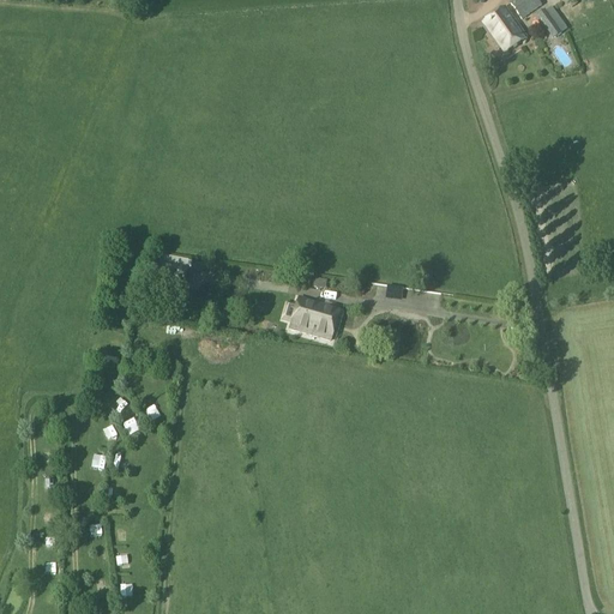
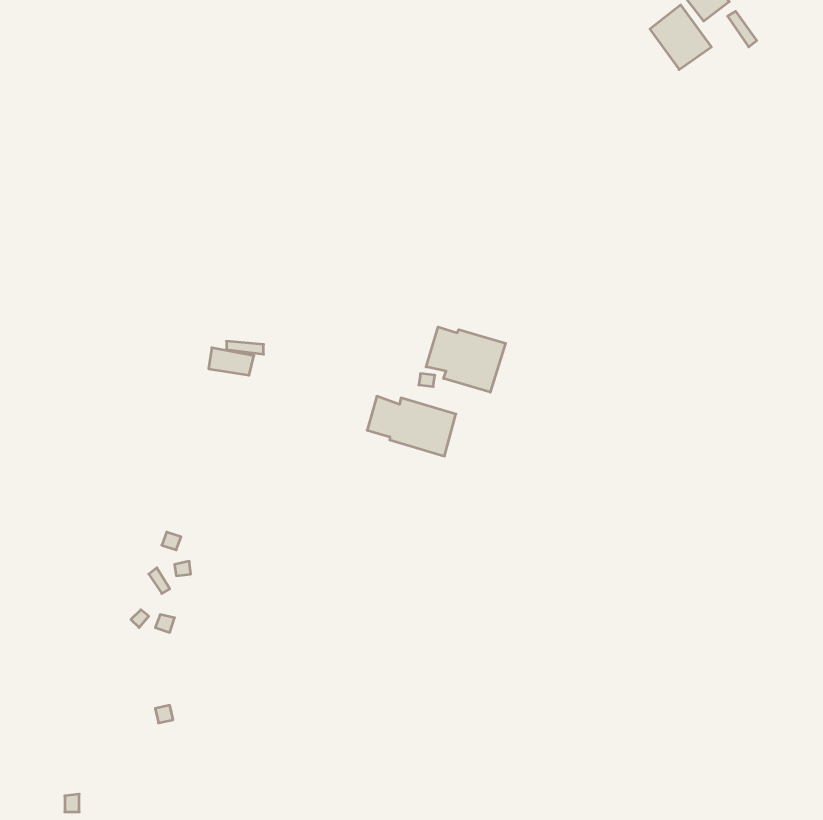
building: none -> [426,327,506,392]

